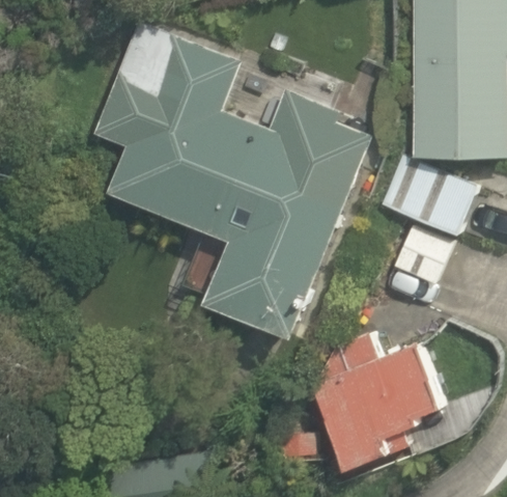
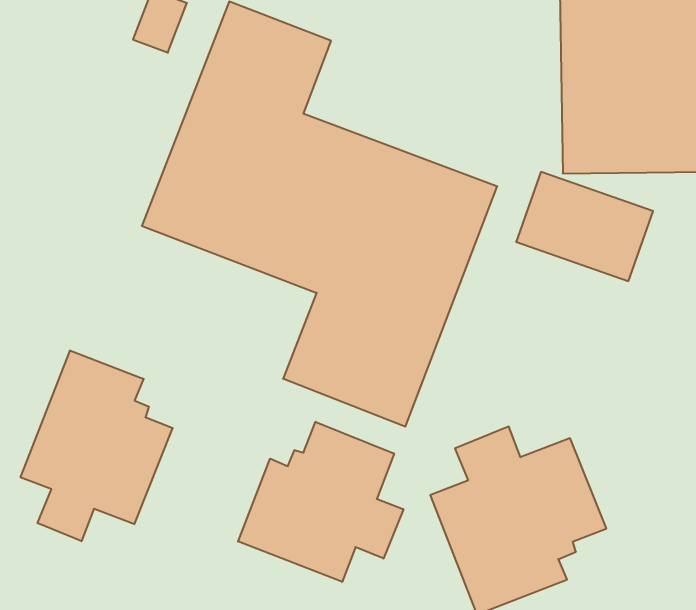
building: none -> [21,350,173,541]
building: none -> [238,422,403,582]

